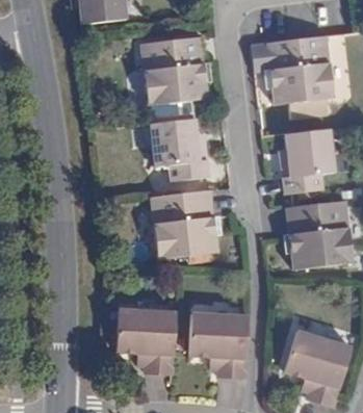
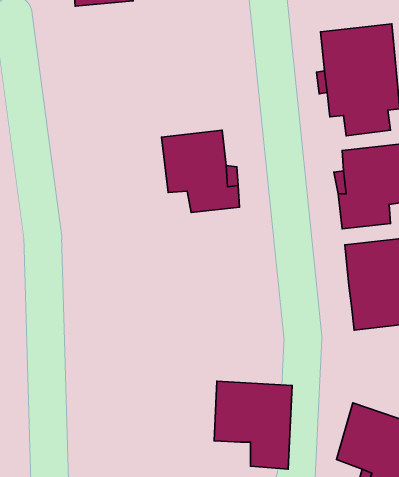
building: [139,35,208,106] -> none
building: [152,189,218,257] -> none
building: [115,308,177,375] -> none

